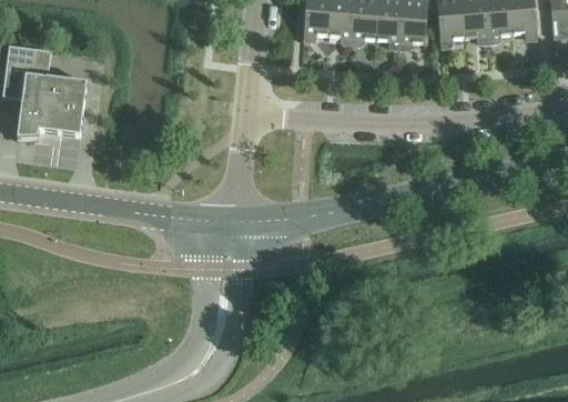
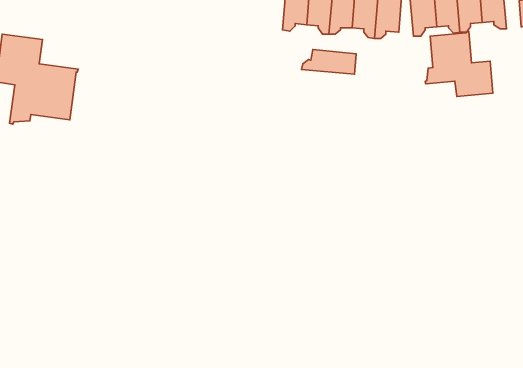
building: none -> [425,31,493,97]
building: none -> [302,50,356,74]

